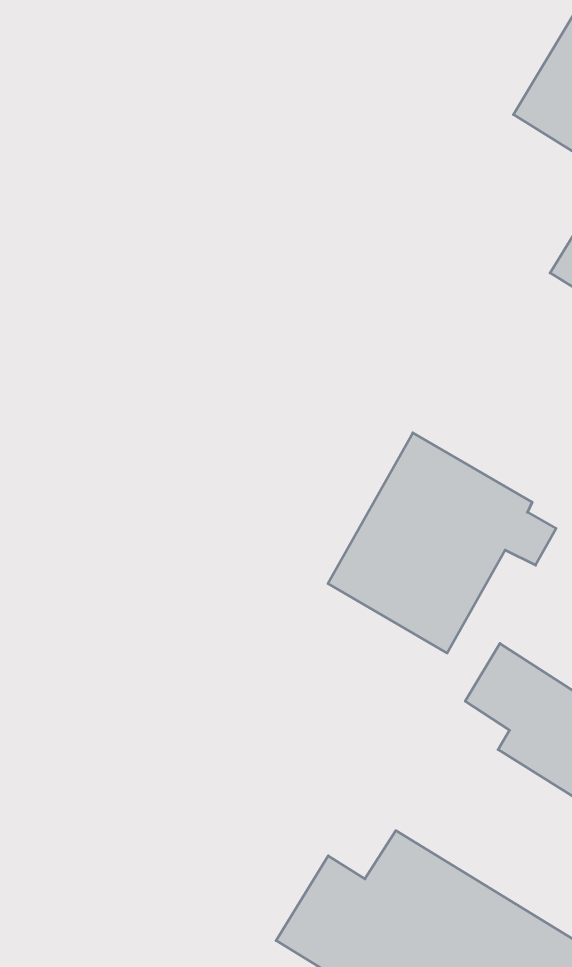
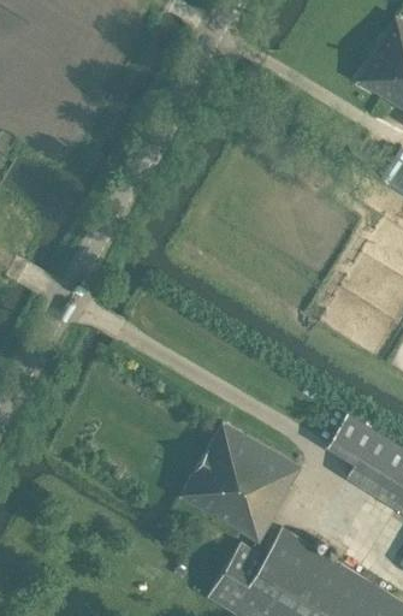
building: [328,433,556,653] -> none
building: none -> [178,422,300,545]

